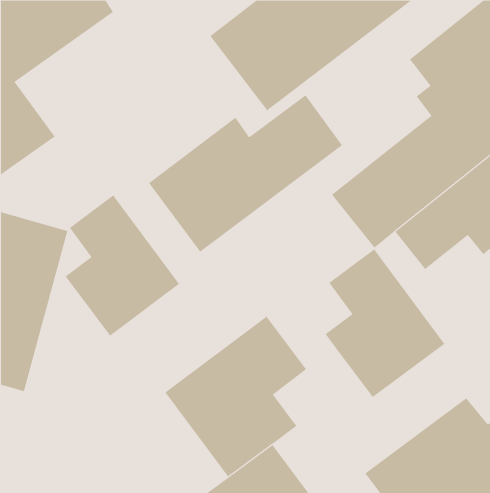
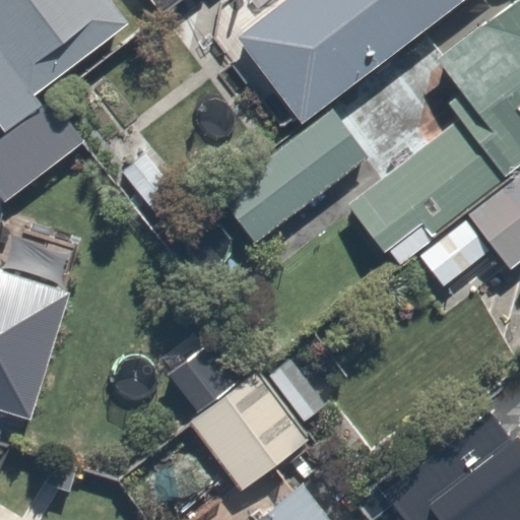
building: [65,194,180,336] -> none
building: [325,248,445,398] -> none

